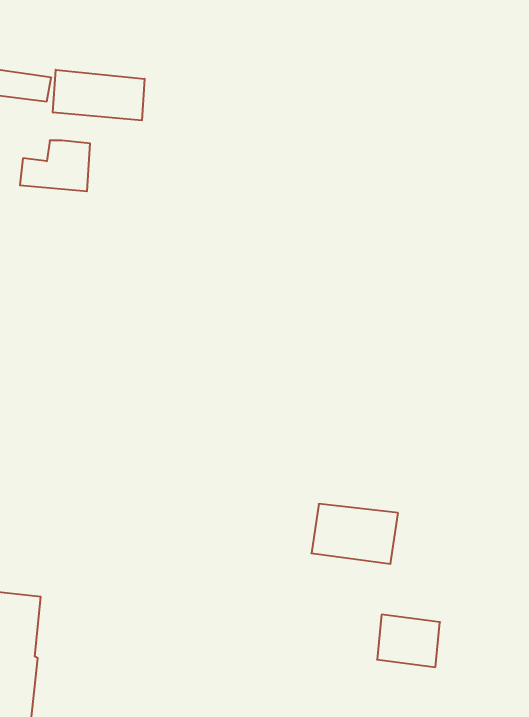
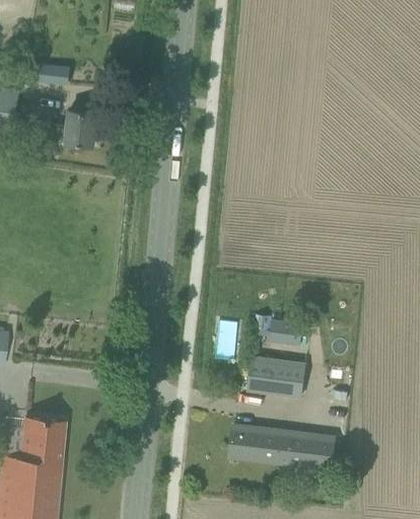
building: [53,70,145,120] -> none
building: none -> [269,320,301,345]
building: none -> [229,425,294,462]

